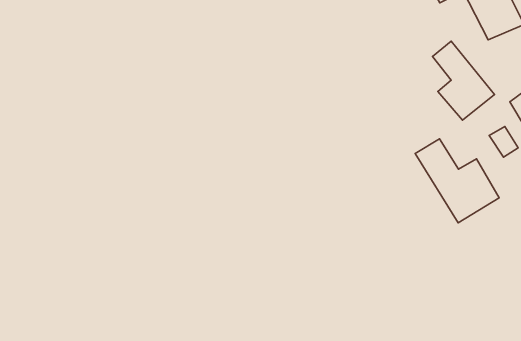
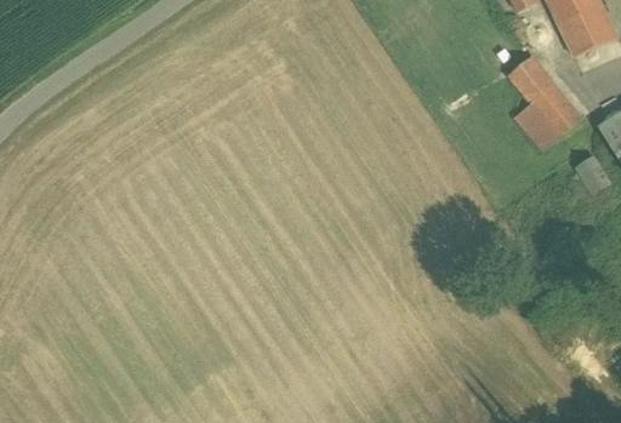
building: [415,139,499,223] -> none

